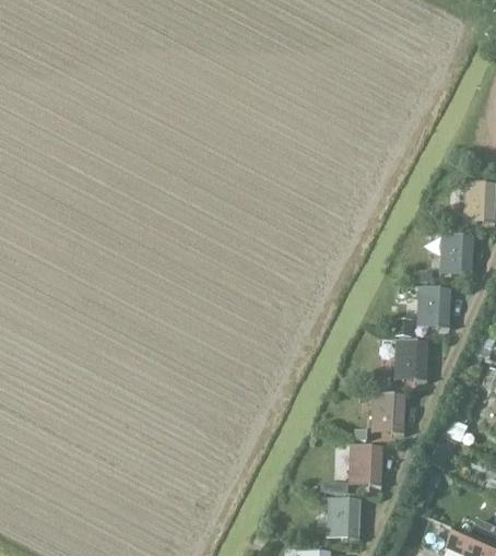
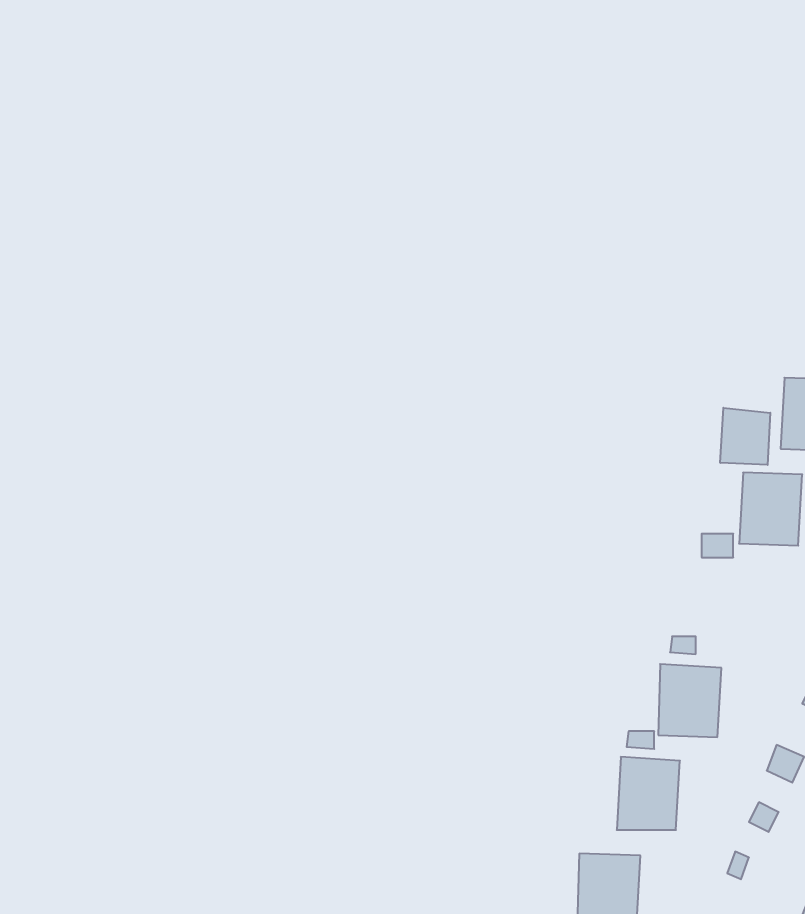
building: none -> [720,408,770,465]
building: [395,339,429,380] -> none

